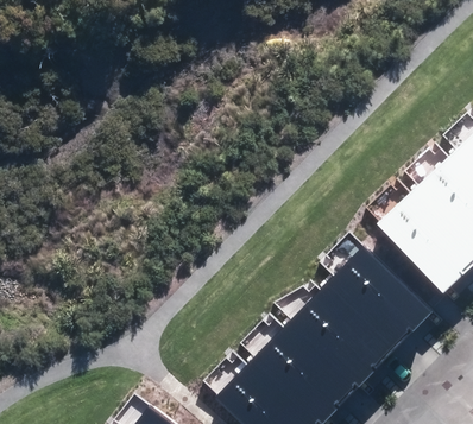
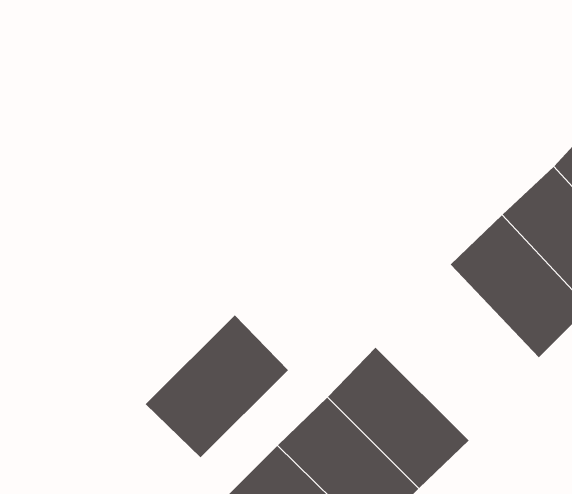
building: [326,248,430,353] -> none
building: none -> [145,315,289,458]

